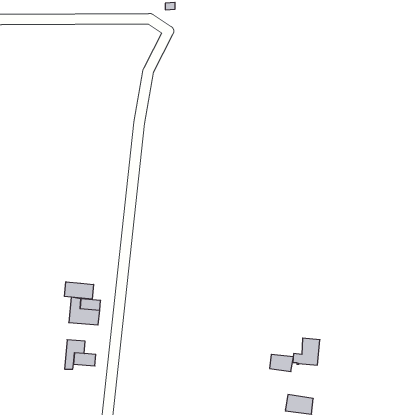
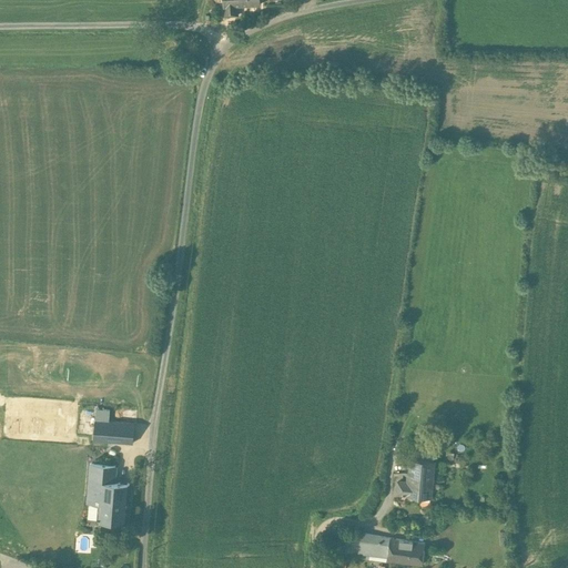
building: [64,282,94,299] -> none
building: [270,354,293,372] -> [358,536,390,559]
building: none -> [98,498,129,524]

